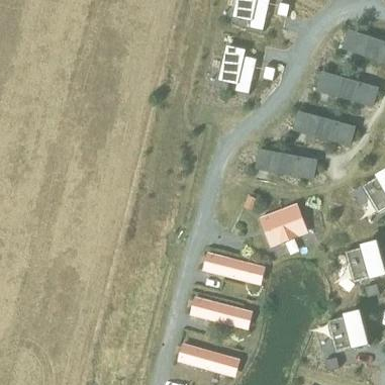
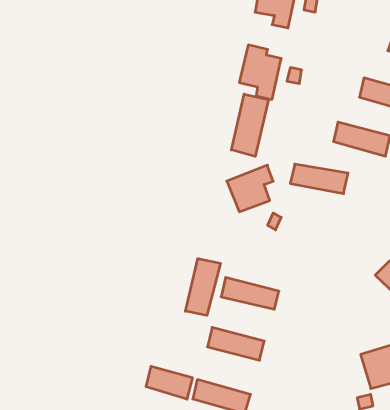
building: none -> [231,94,268,156]
building: [260,204,301,246] -> [227,165,273,212]
building: none -> [185,259,220,315]
building: none -> [146,366,192,399]

